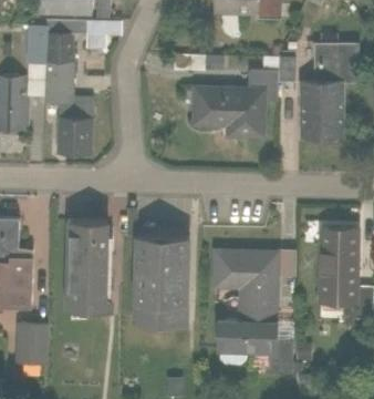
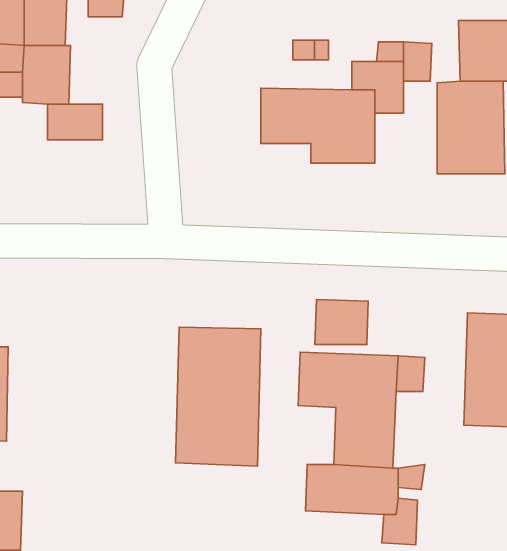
building: [58,117,92,152] -> none
building: none -> [315,299,368,344]
building: [69,221,112,309] -> none

